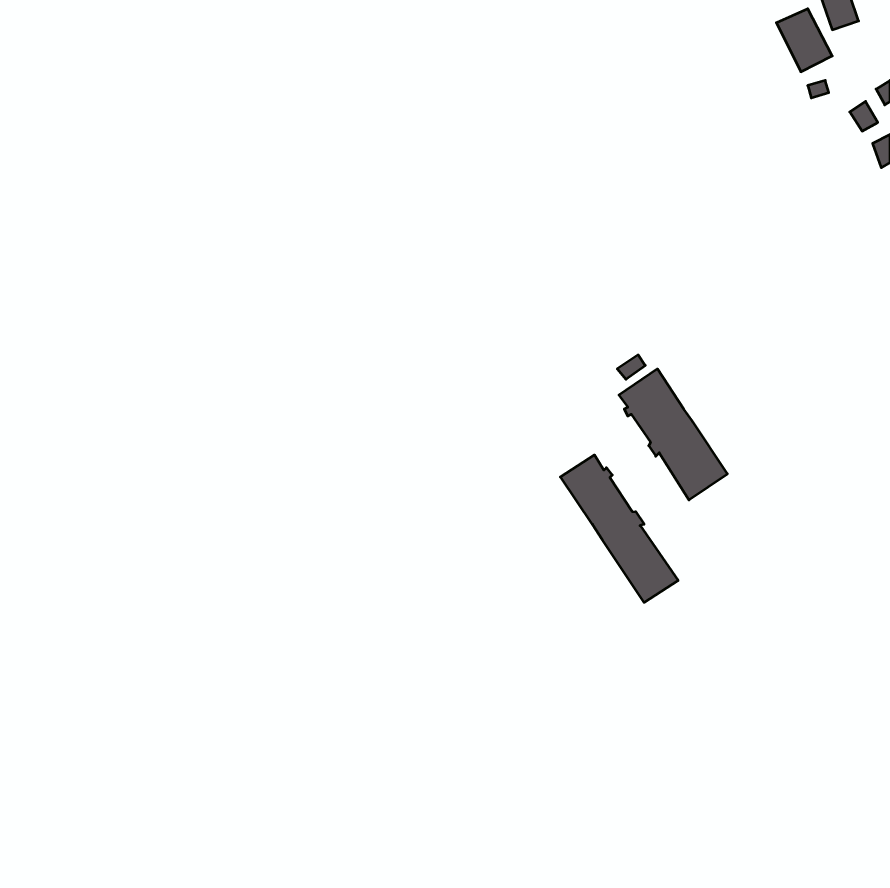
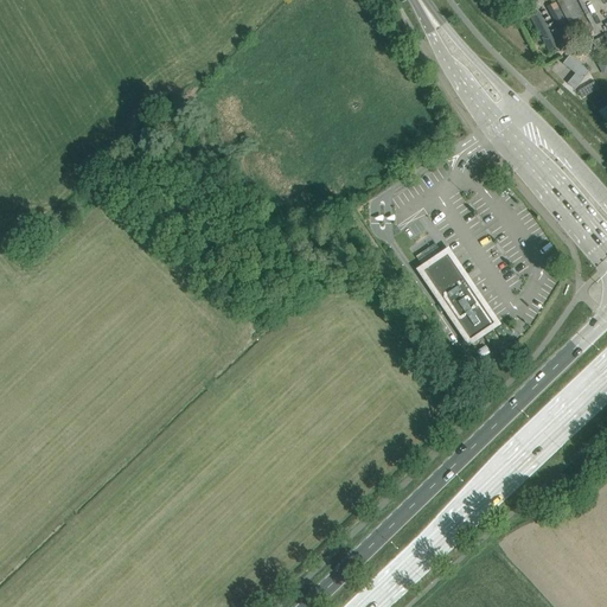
building: [560,455,678,602] -> none

